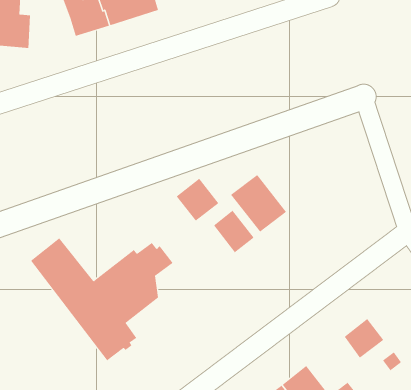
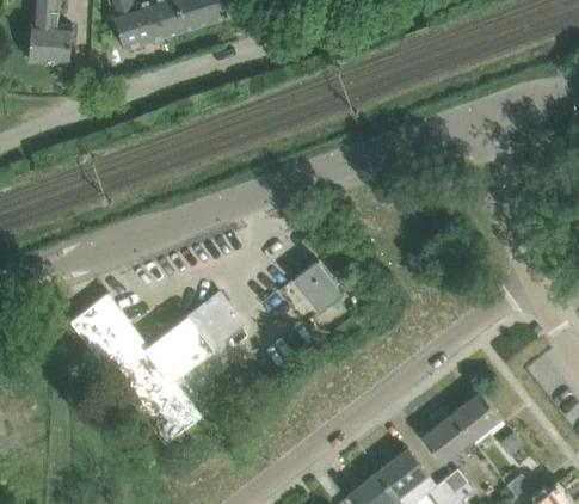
building: [230,174,287,233] -> none
building: [176,178,219,222] -> none
building: none -> [421,414,470,463]

